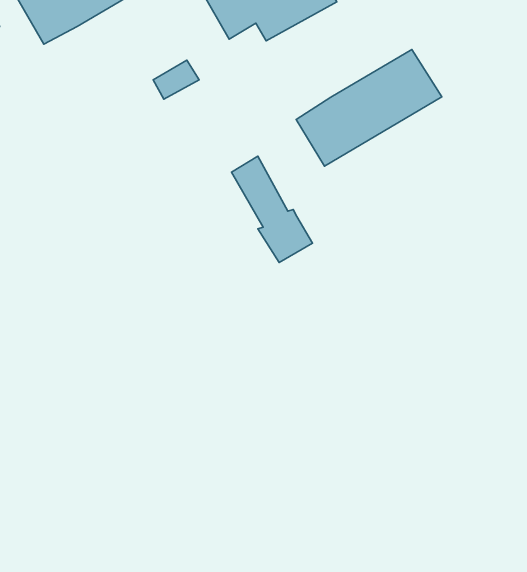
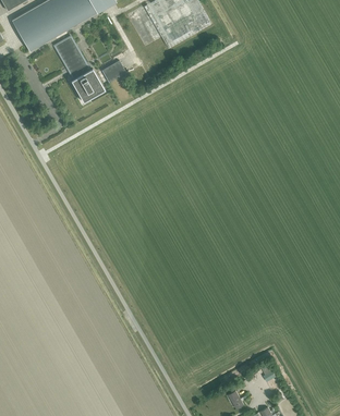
building: [296,50,442,166] -> none
building: [231,156,313,262] -> [54,36,105,101]

